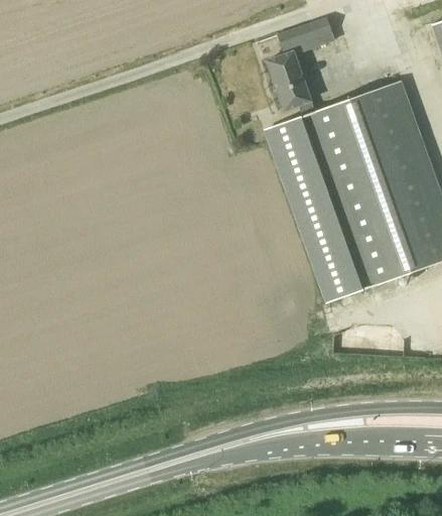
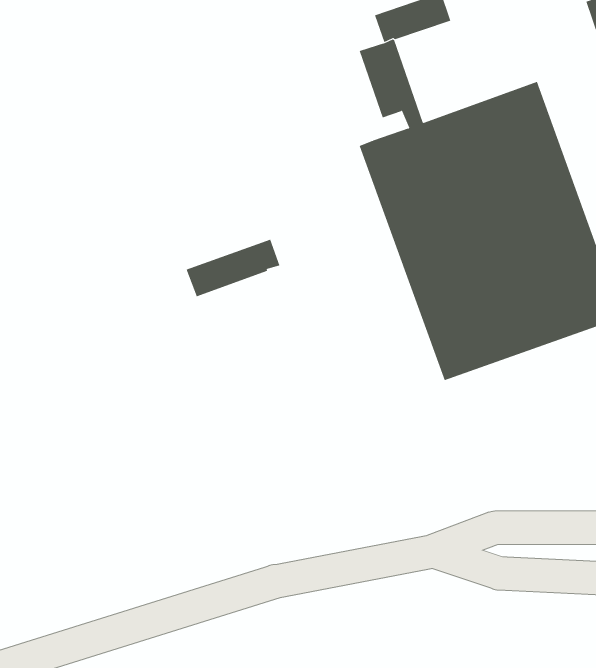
building: none -> [186,239,280,297]

